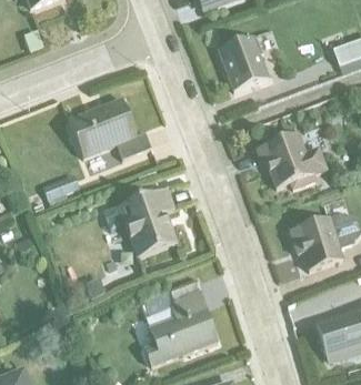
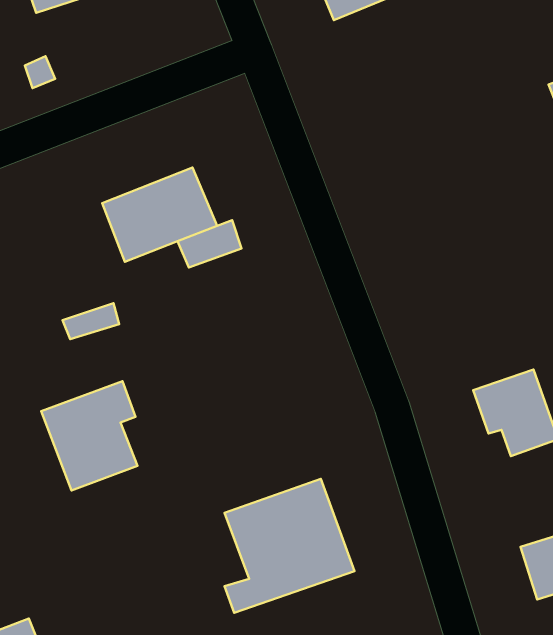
building: [218,39,268,91] -> none
building: [262,134,312,186] -> none
building: [119,191,176,255] -> [41,381,137,490]

